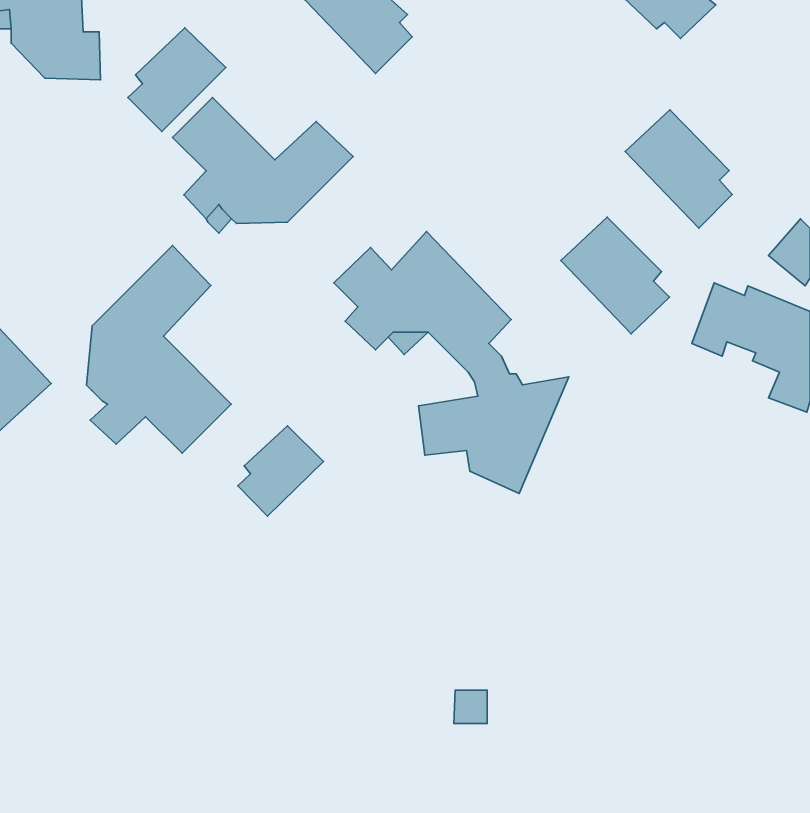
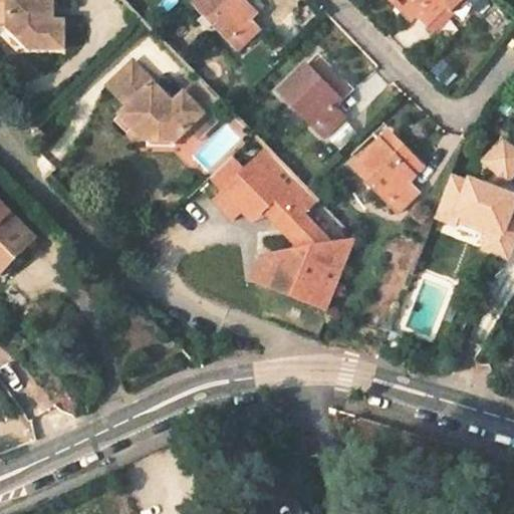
building: [128,28,226,131] -> none
building: [625,110,732,228] -> [279,60,346,135]
building: [87,245,231,453] -> none
building: [238,426,323,516] -> none

